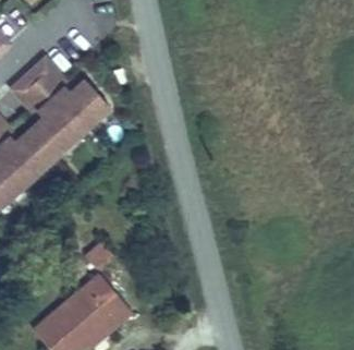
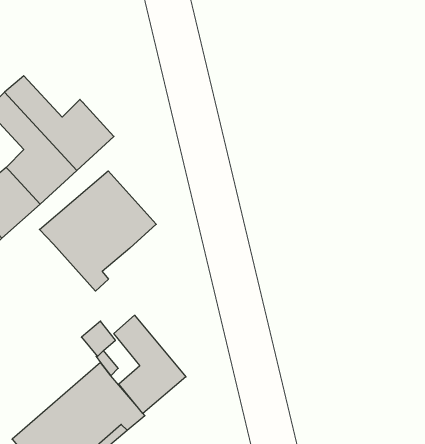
building: none -> [39,171,156,291]
building: none -> [114,315,186,413]

